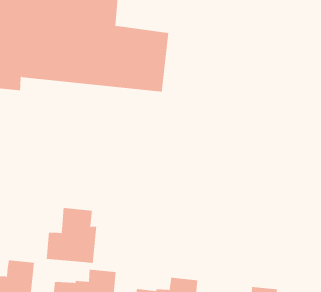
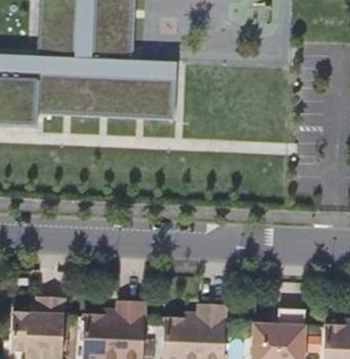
building: [46,207,97,264] -> none

